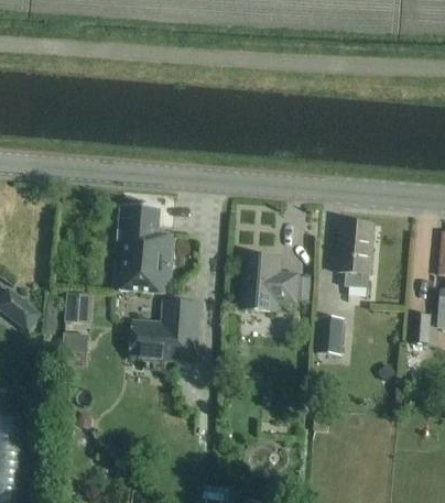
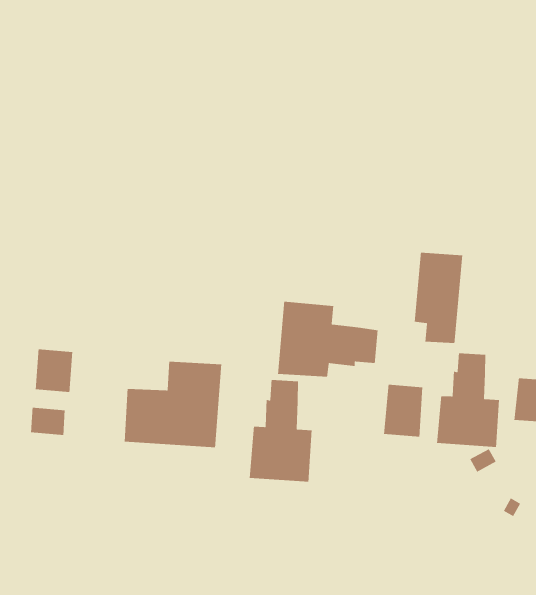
building: [116,203,174,292] -> none
building: none -> [436,352,500,448]
building: none -> [249,379,312,482]

